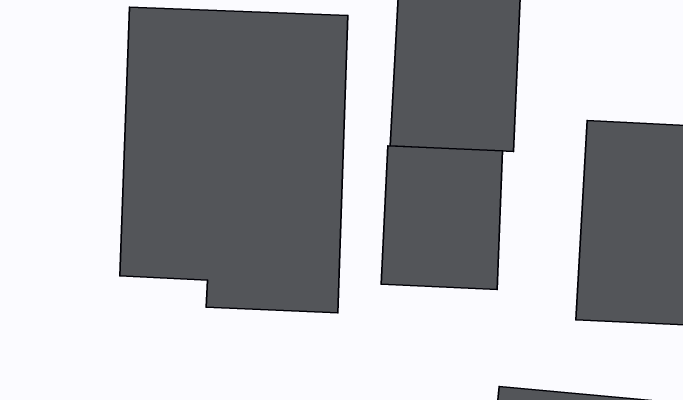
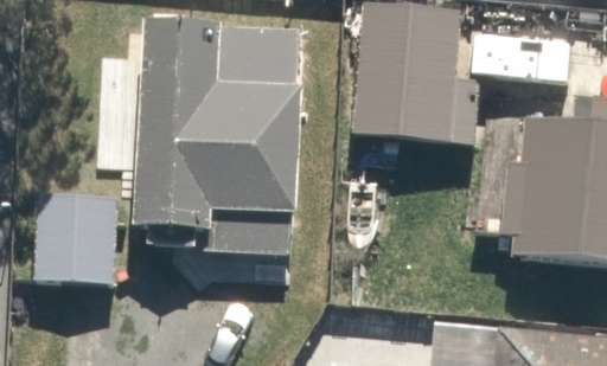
building: [381,146,503,290] -> none
building: none -> [27,179,123,288]

